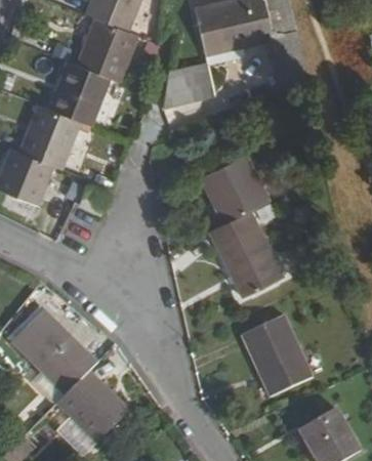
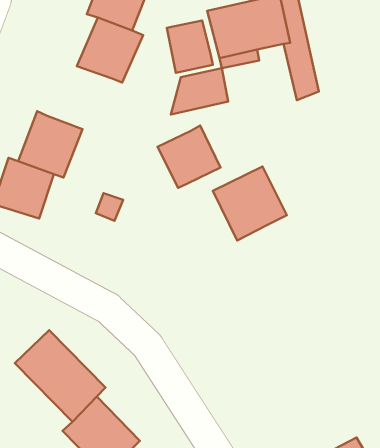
building: none -> [167,21,213,73]
building: [46,58,106,124] -> none
building: none -> [158,126,221,188]
building: [207,210,284,299] -> none
building: [242,315,312,395] -> none

